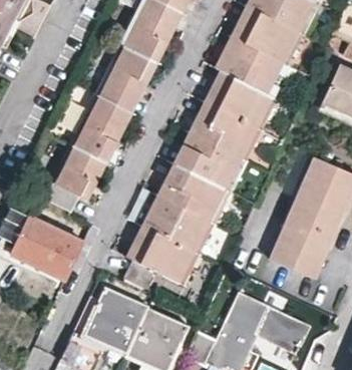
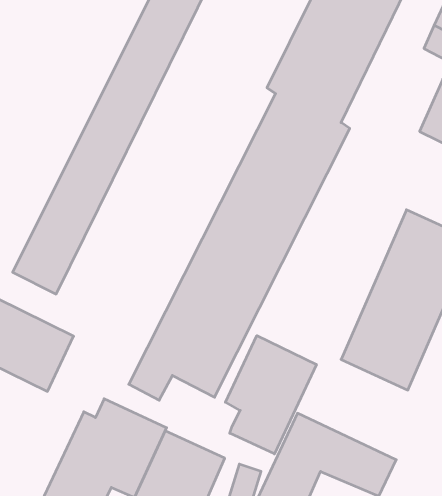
building: none -> [225,336,316,454]

